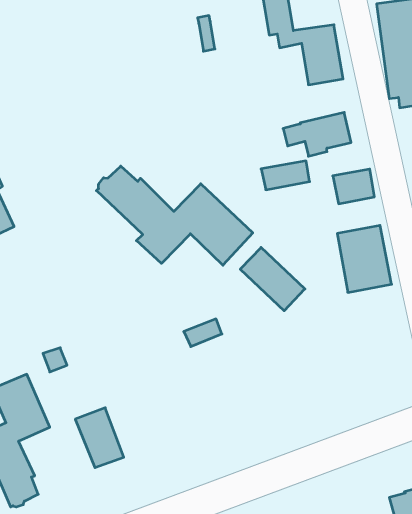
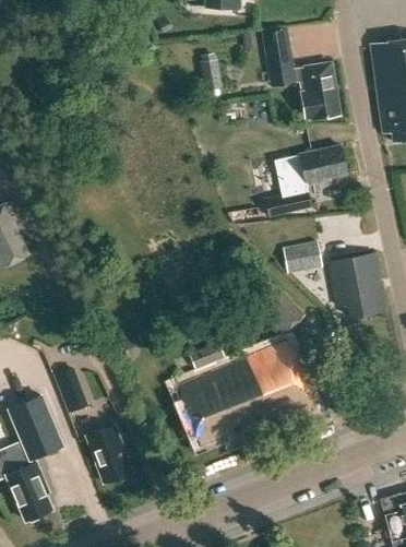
building: [96,166,253,265] -> none
building: [333,169,374,204] -> [283,242,322,275]
building: none -> [180,337,317,443]

